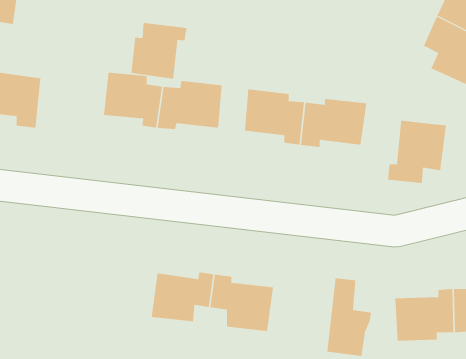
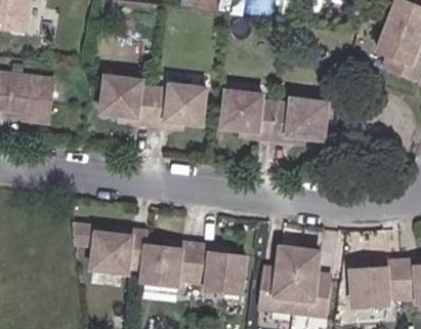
building: [131,22,187,79] -> none
building: [387,120,447,184] -> none
building: none -> [72,225,148,273]
building: none -> [257,247,299,313]

